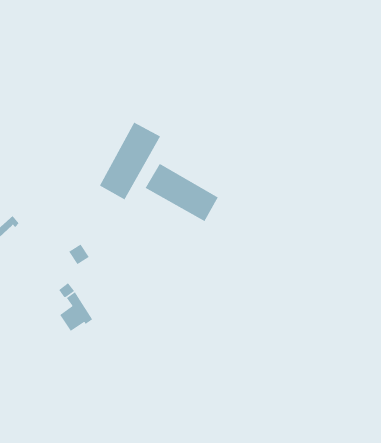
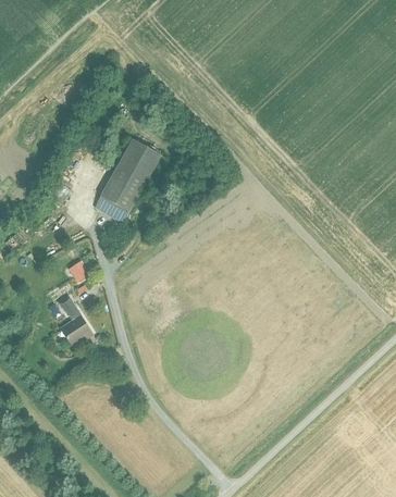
building: [145,163,219,222] -> none

